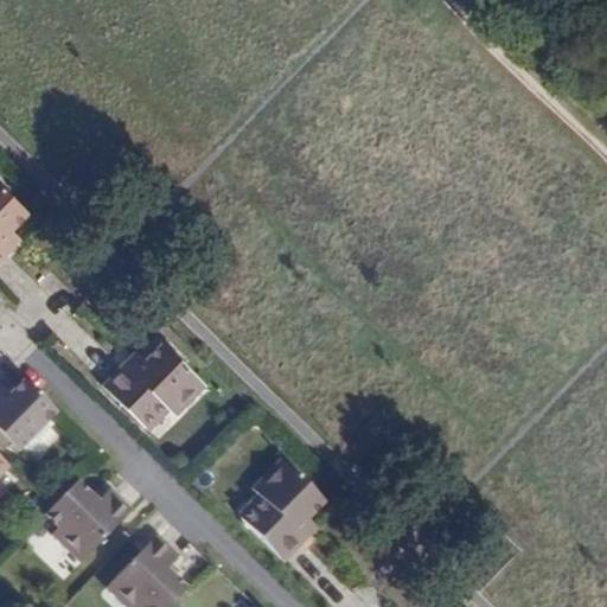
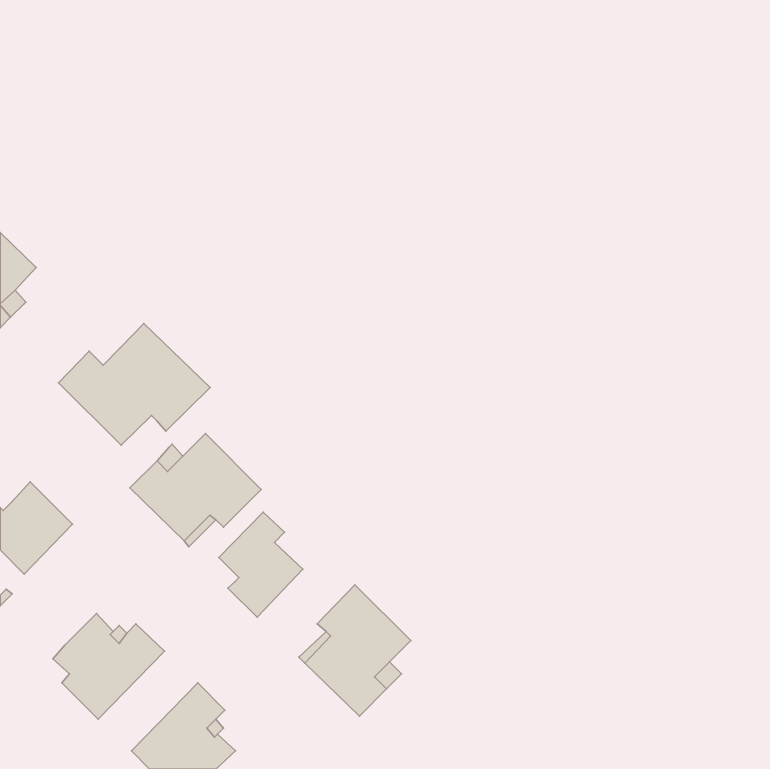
building: none -> [59,323,210,445]
building: none -> [219,512,303,617]

